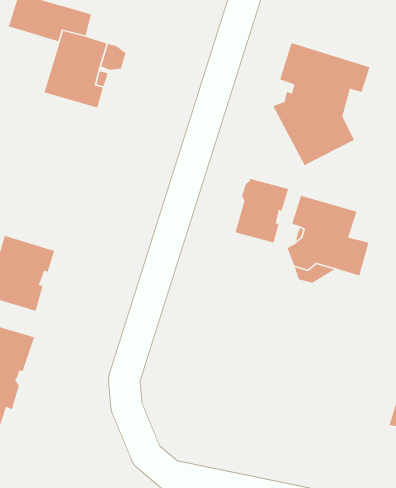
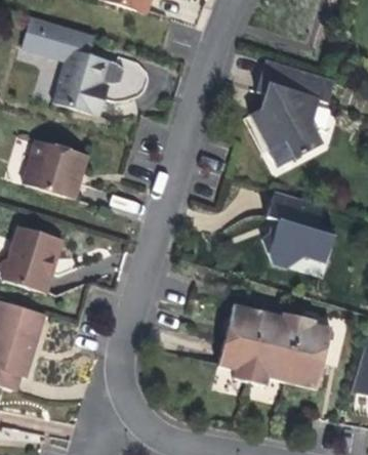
building: none -> [23,139,87,199]
building: [235,178,289,244] -> none
building: none -> [218,303,331,388]

